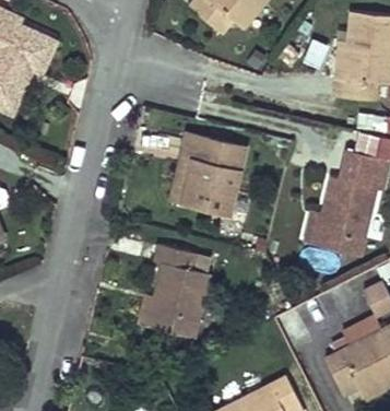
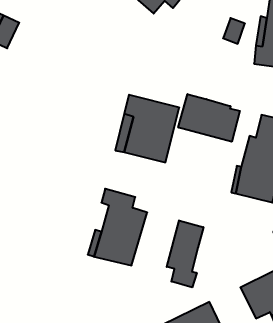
building: none -> [178,94,240,142]
building: none -> [167,220,203,287]

